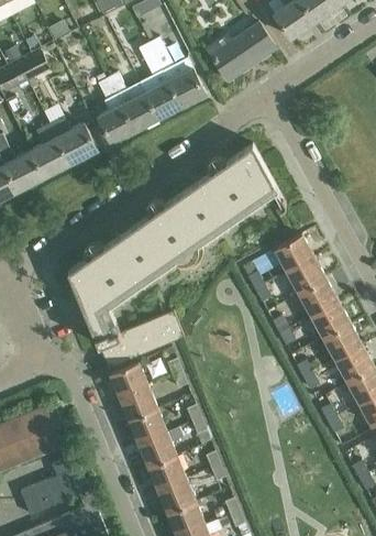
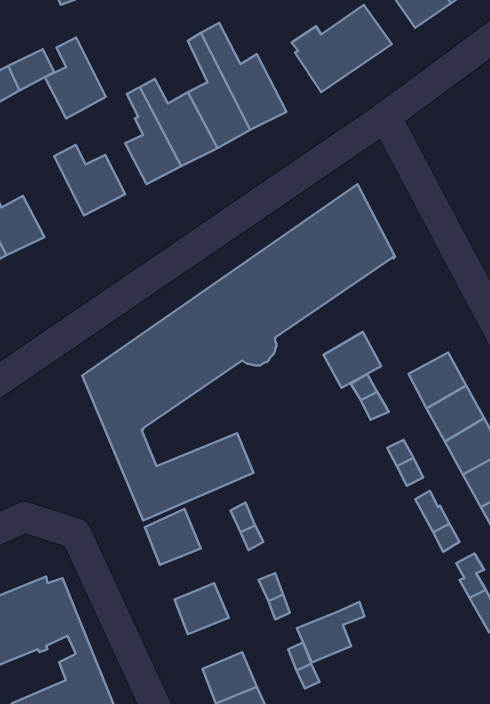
building: [29,125,69,179] -> [45,38,106,118]
building: [274,233,312,271] -> [323,332,381,388]
building: [120,387,156,422] -> none
building: [139,427,184,468] -> [297,602,364,663]

